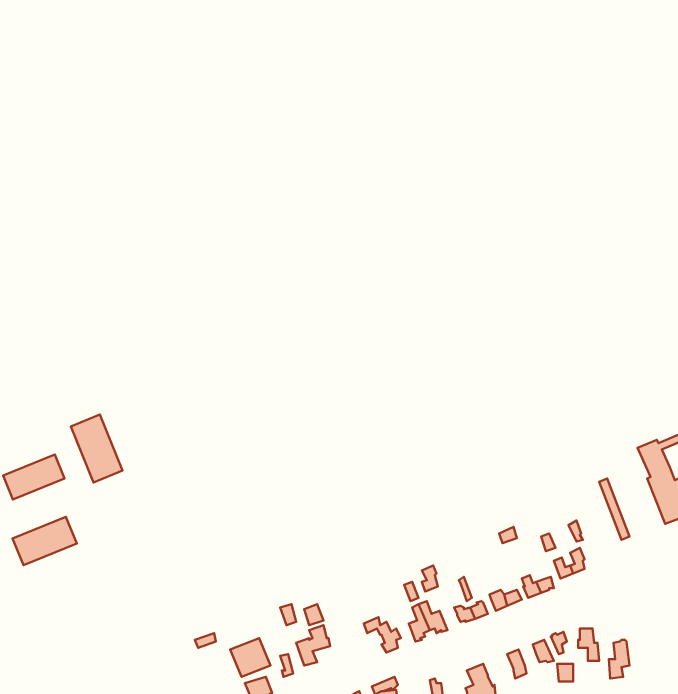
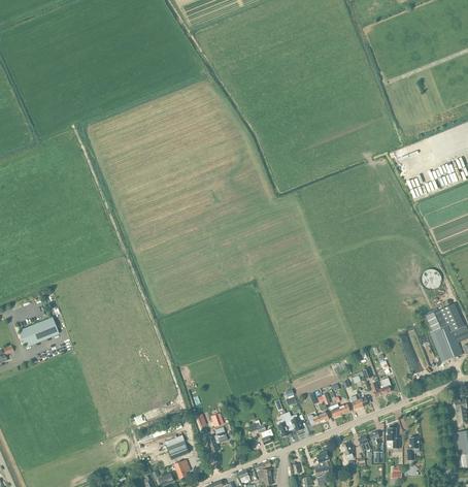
building: [71,414,122,482] -> none
building: [12,517,77,565] -> none

